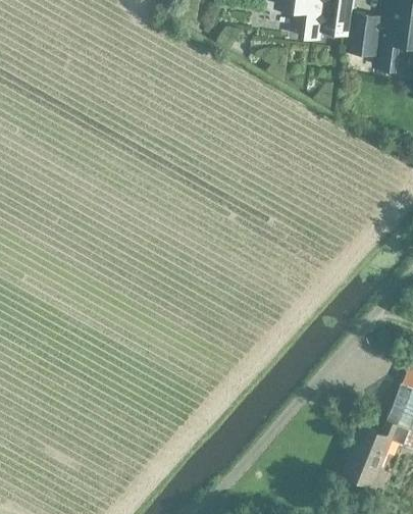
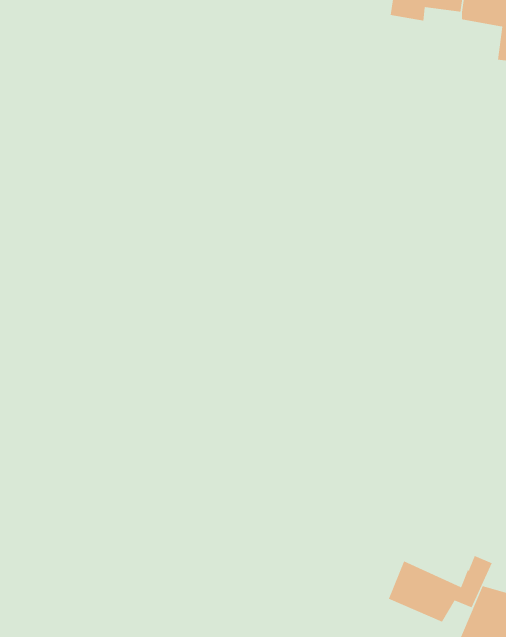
building: none -> [388,555,493,622]

